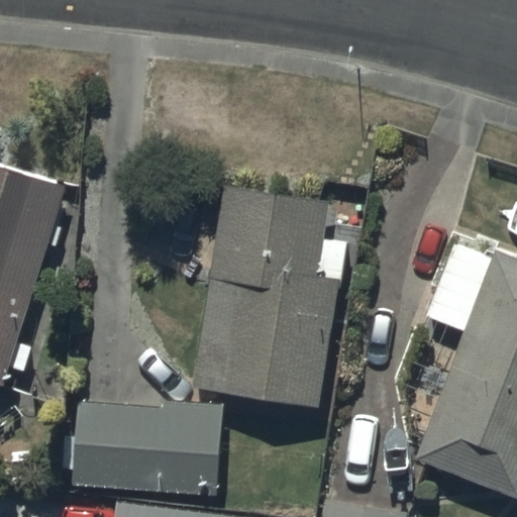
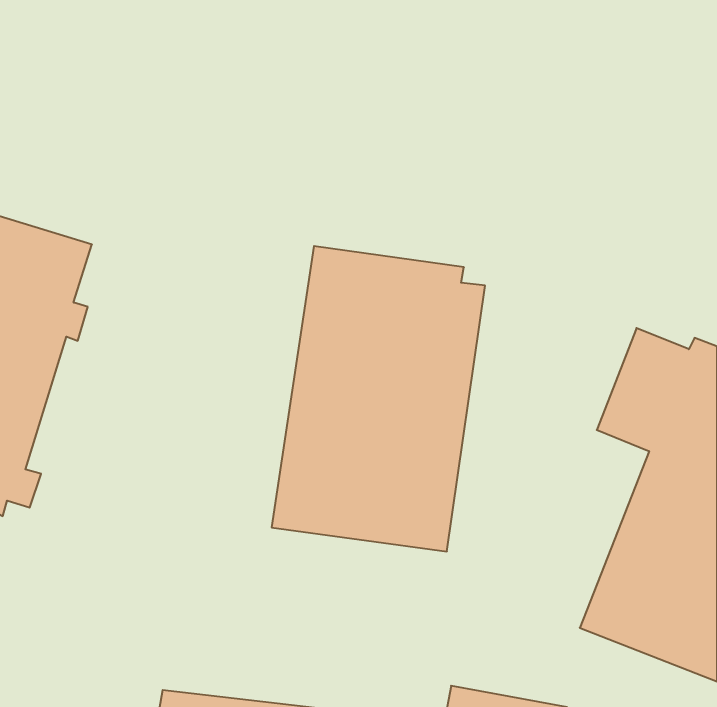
building: [62,405,226,490] -> none

